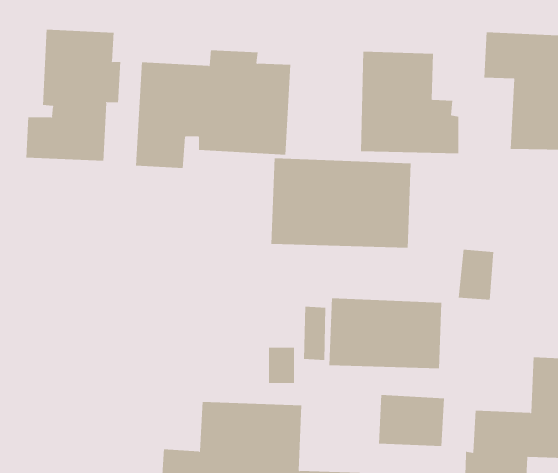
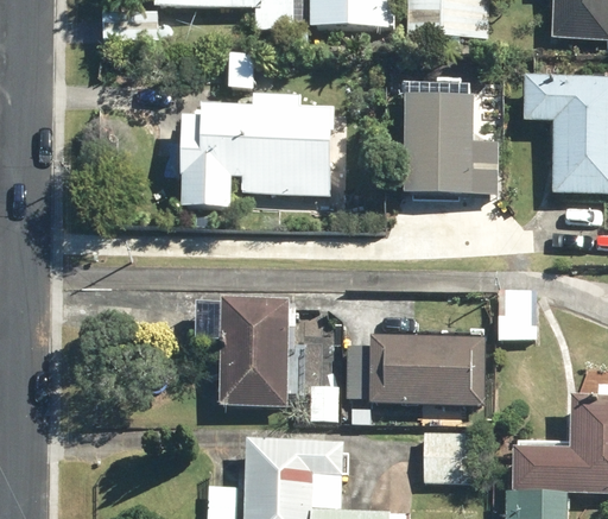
building: [26,29,121,161] -> none
building: [271,157,411,248] -> none
building: none -> [196,298,290,406]

